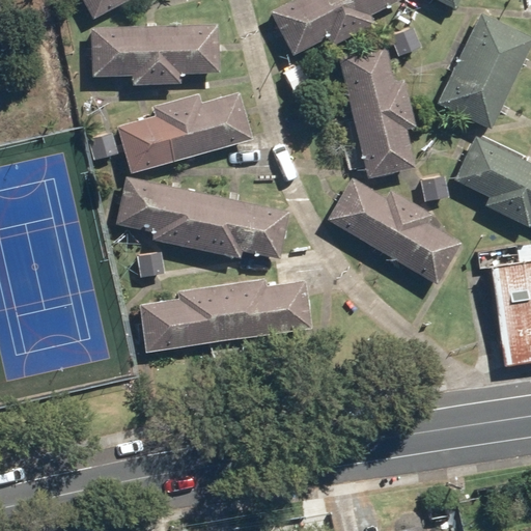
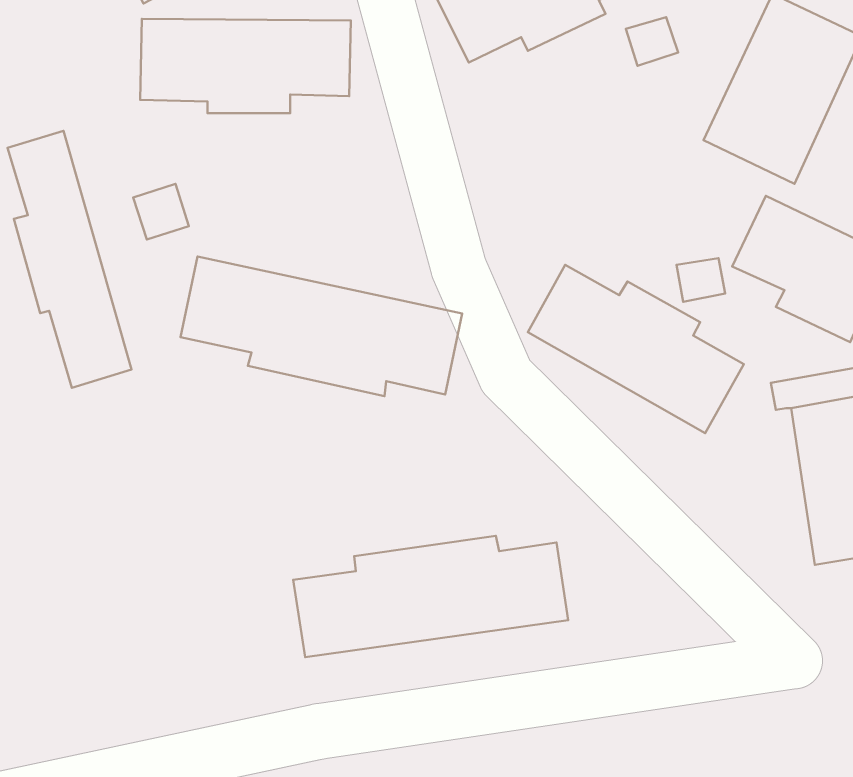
building: [337,44,417,176] -> none
building: [119,90,253,173] -> none
building: none -> [8,131,132,388]
building: [141,277,310,352] -> [293,536,568,657]

